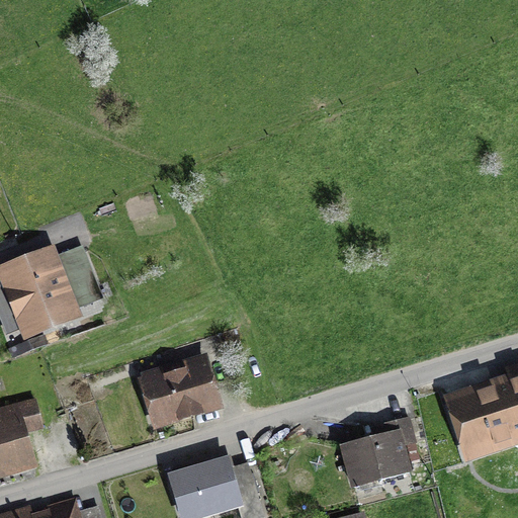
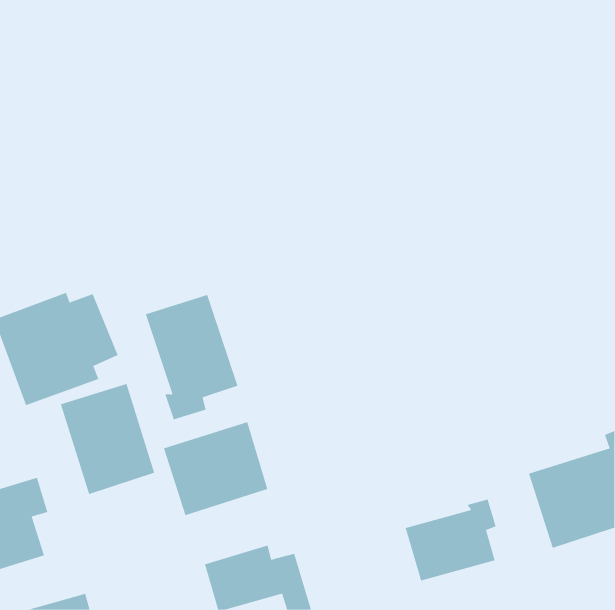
building: none -> [145,294,238,420]
building: none -> [60,383,155,495]

